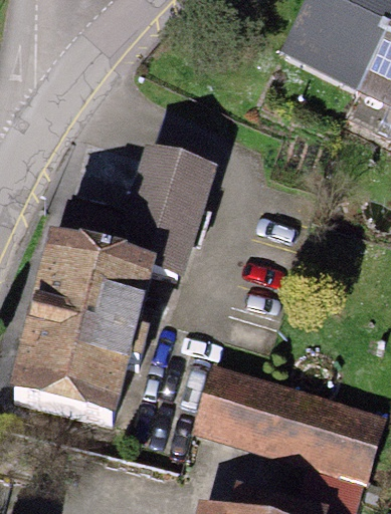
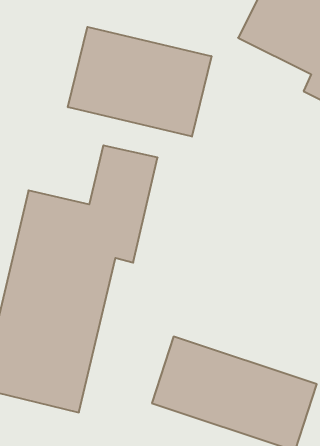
building: none -> [68,27,211,137]

